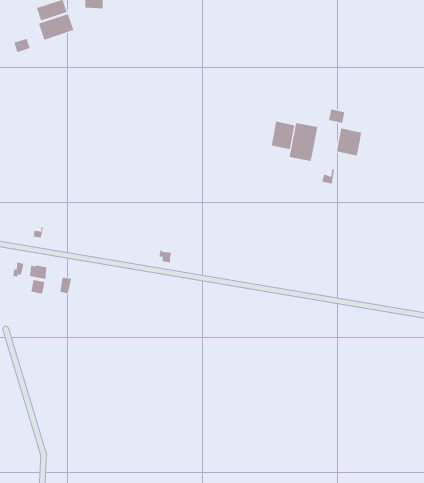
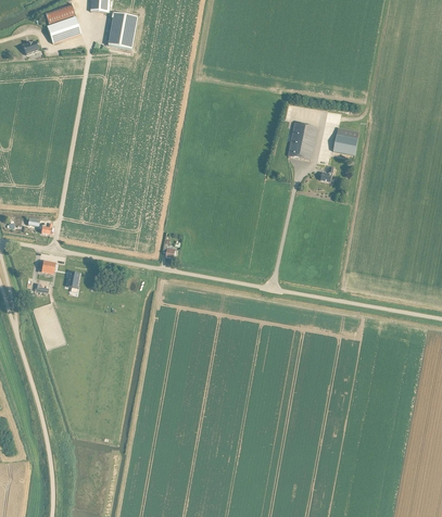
building: none -> [108,12,137,49]
building: [271,121,295,150] -> none

